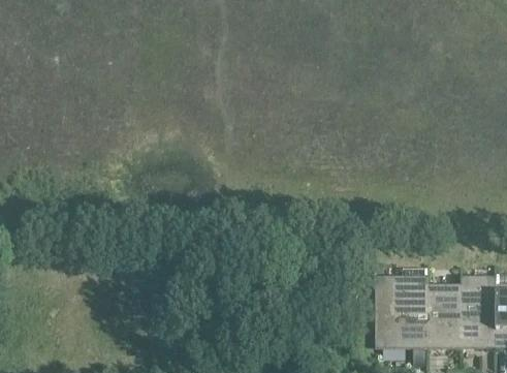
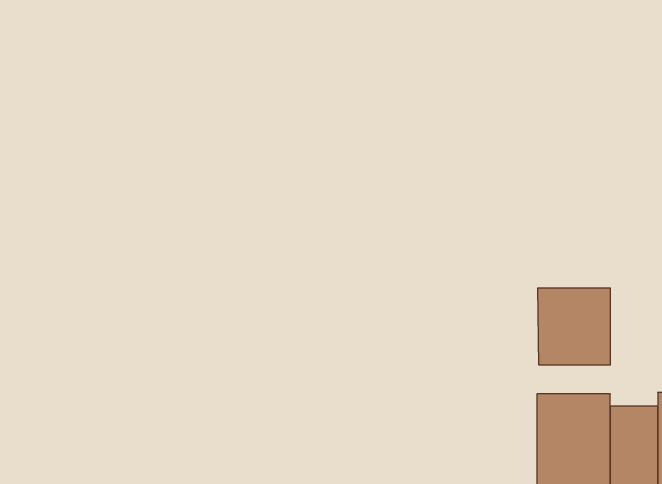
building: none -> [538,288,610,365]

